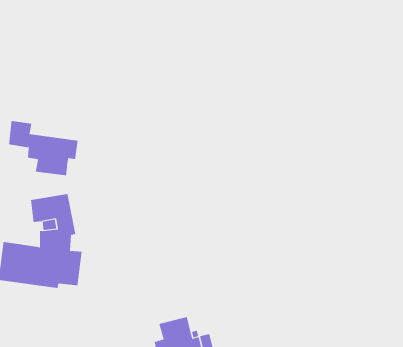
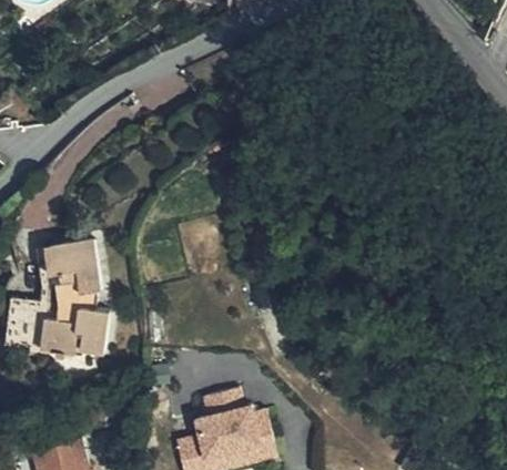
building: [9,120,78,176] -> none

